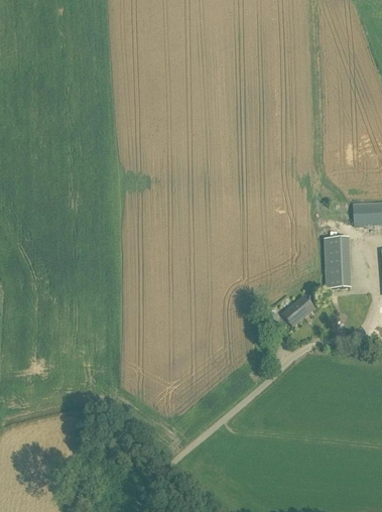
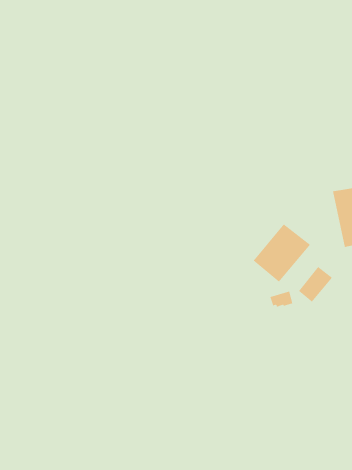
building: none -> [253,223,311,283]

